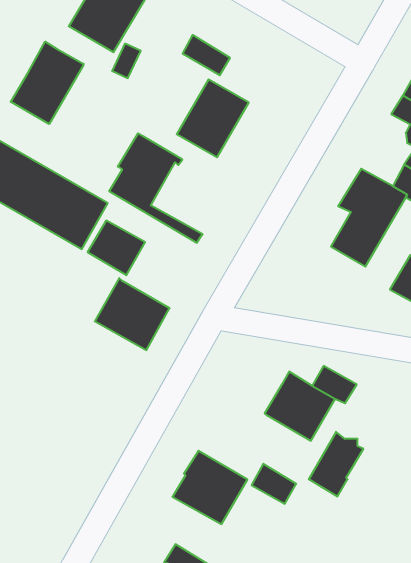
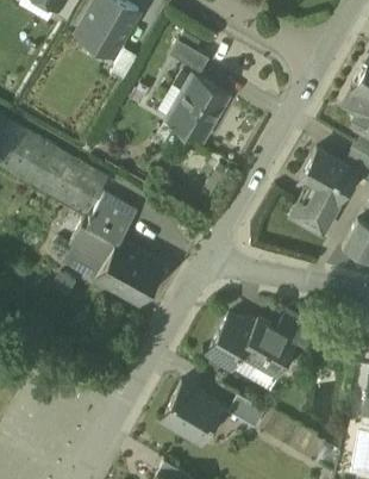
building: [11,42,84,124] -> none
building: [109,133,203,243] -> [63,217,140,307]
building: [309,432,363,496] -> [207,315,252,368]

